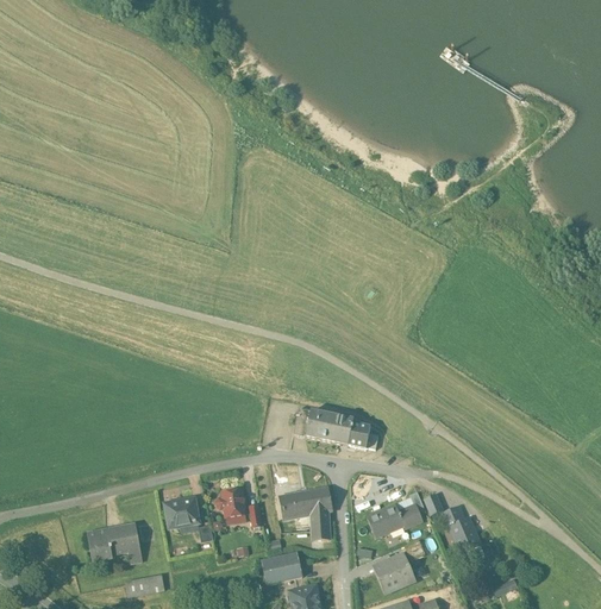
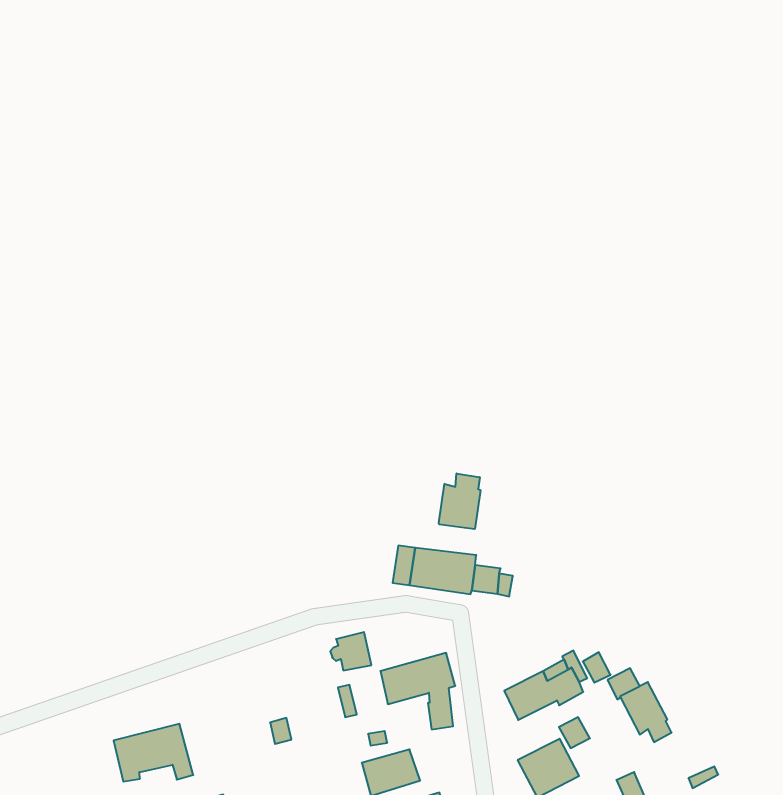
building: none -> [439,473,480,529]
building: [217,489,245,515] -> [330,632,371,670]
building: [165,497,198,526] -> none

